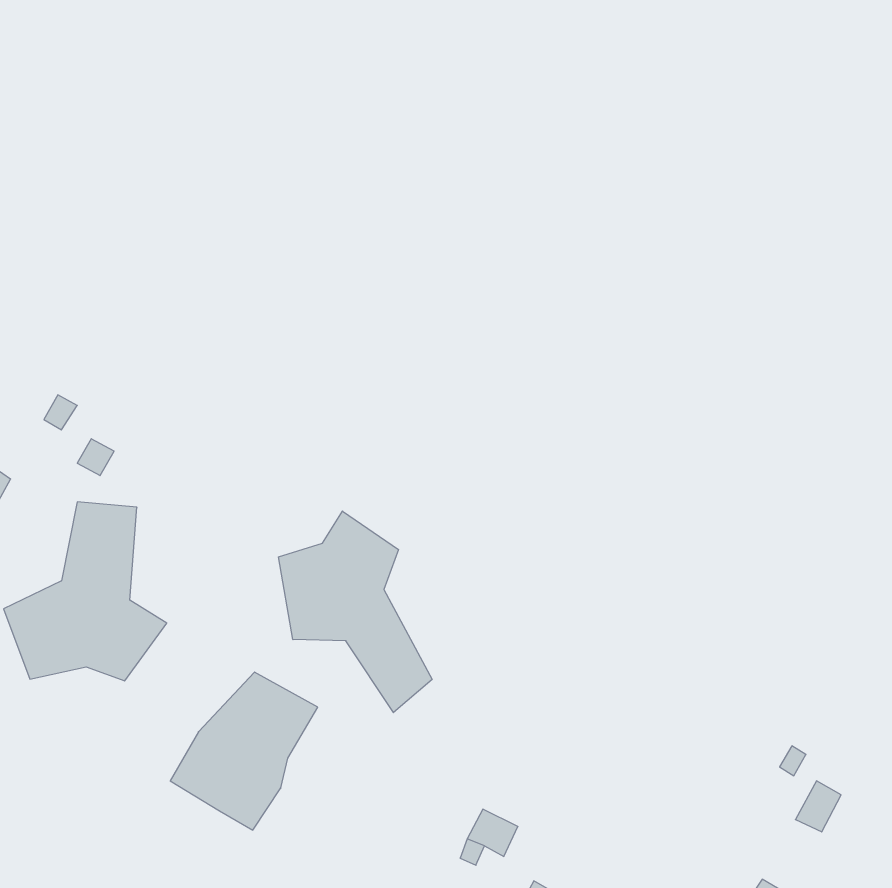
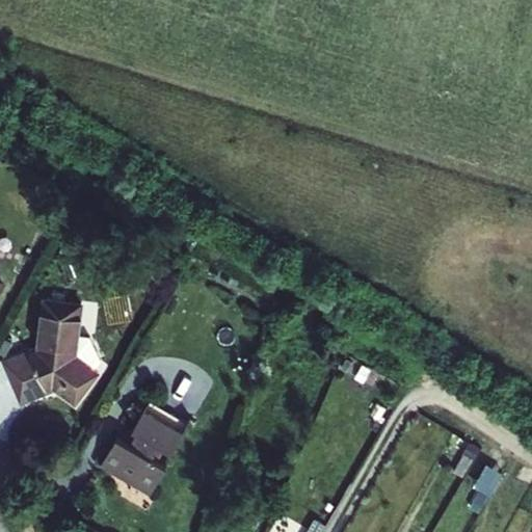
building: [278,511,432,713] -> none

